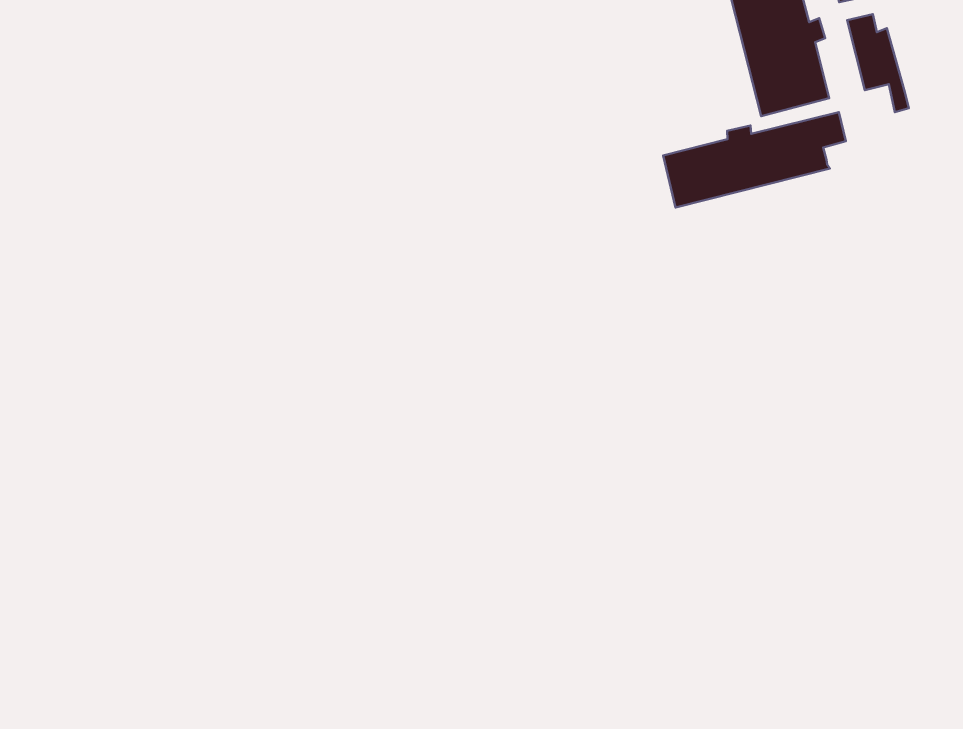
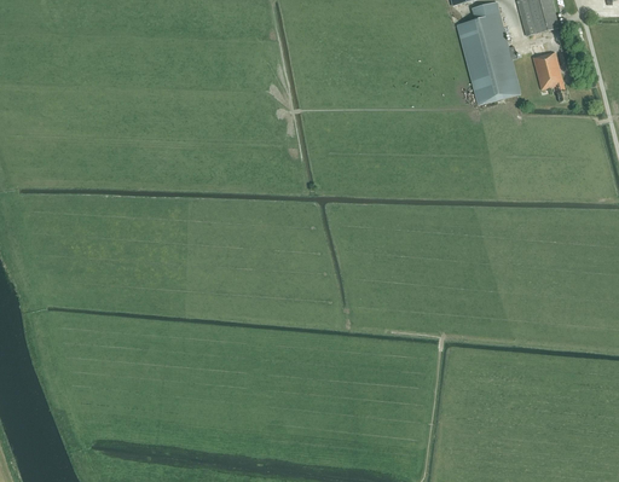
building: [663,112,846,208] -> none

